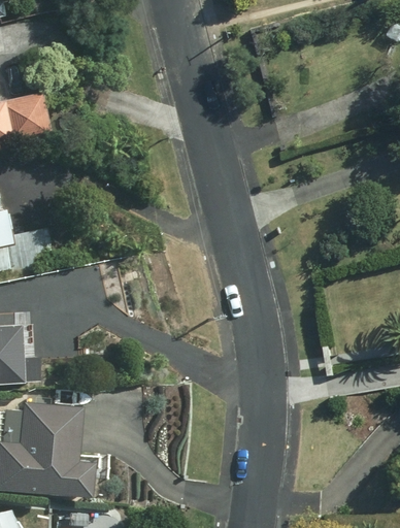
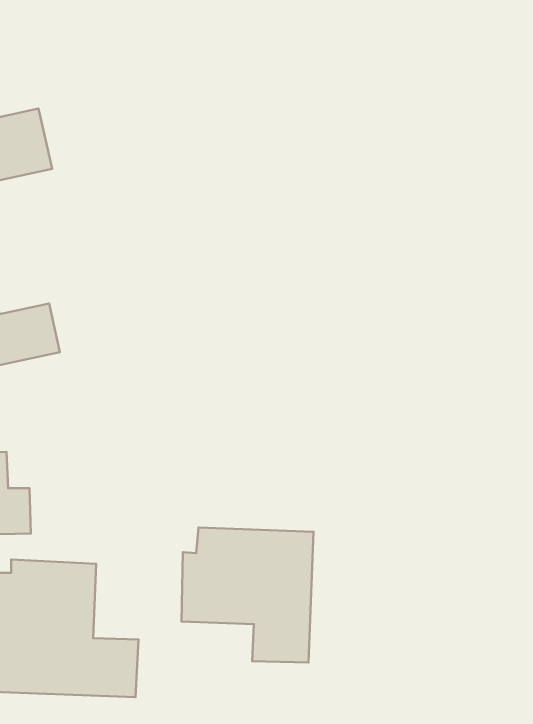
building: none -> [182,527,314,663]

